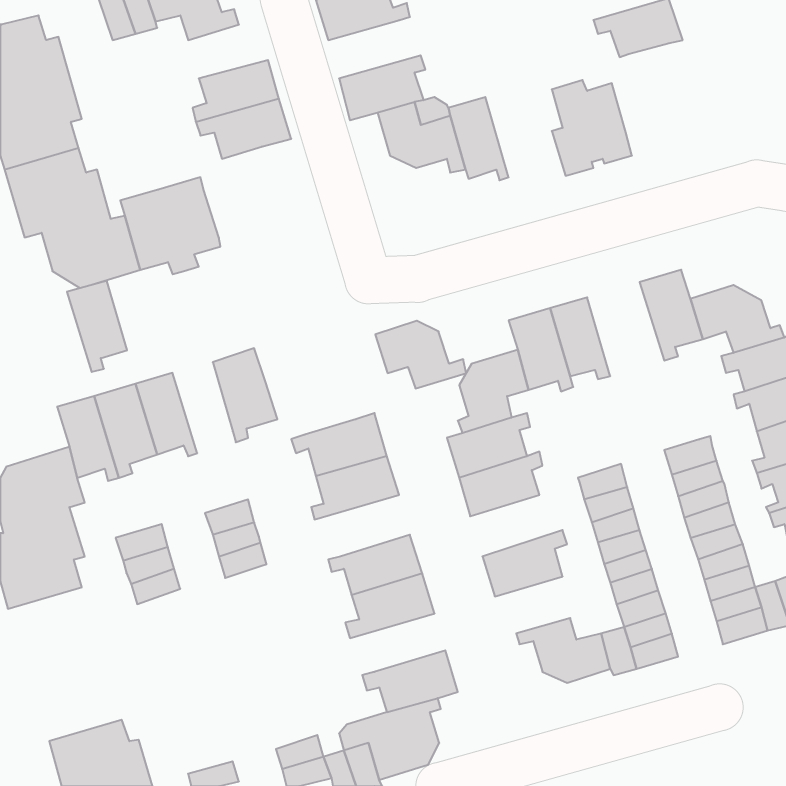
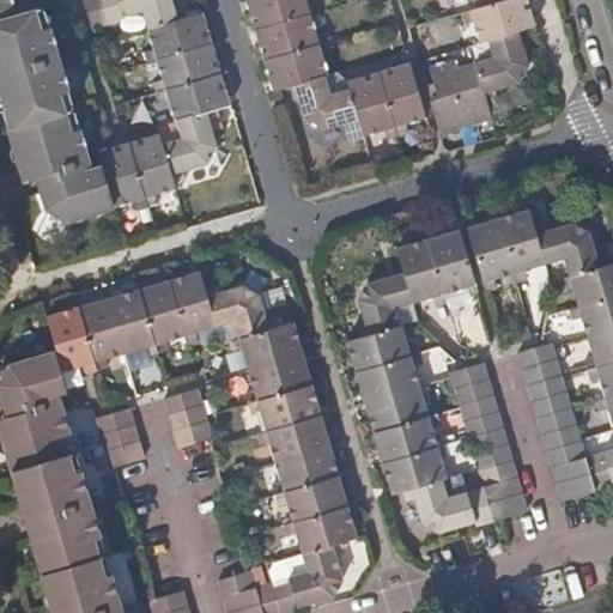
building: none -> [142,16,210,65]
building: none -> [256,16,328,61]
building: none -> [477,34,530,103]
building: none -> [378,67,427,138]
building: none -> [159,114,216,184]
building: [67,281,127,372] -> [135,281,182,352]
building: none -> [467,219,517,283]
building: [375,321,466,388] -> [207,285,278,338]
building: none -> [245,384,320,432]
building: none -> [366,384,438,432]
building: none -> [386,445,450,494]
building: none -> [7,456,98,576]
building: none -> [273,477,347,522]

